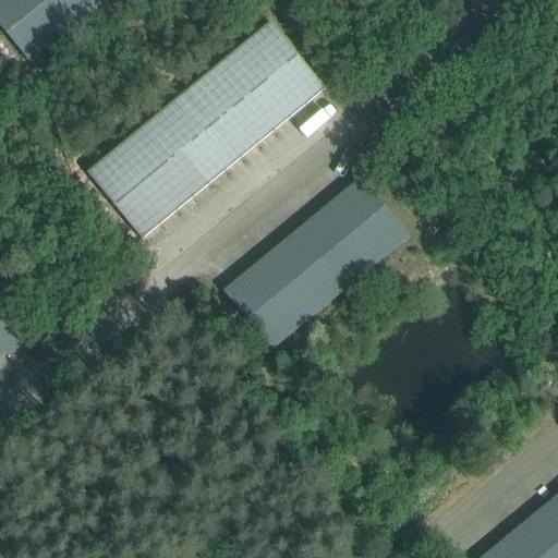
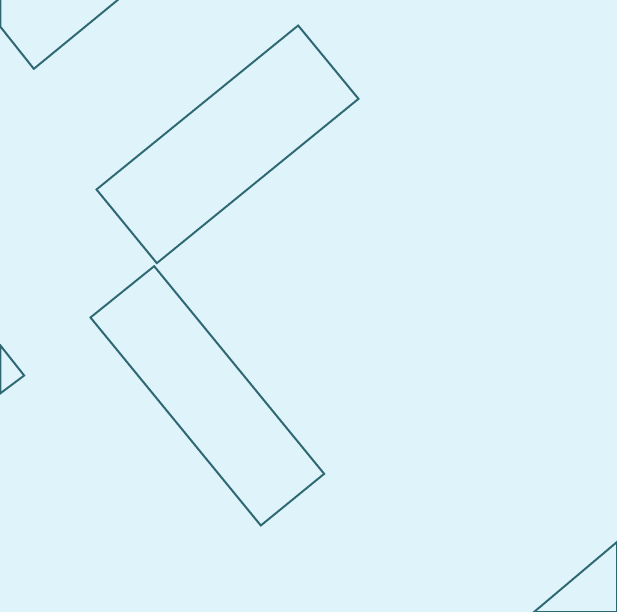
building: [222,177,410,349] -> none
building: none -> [90,266,324,525]

